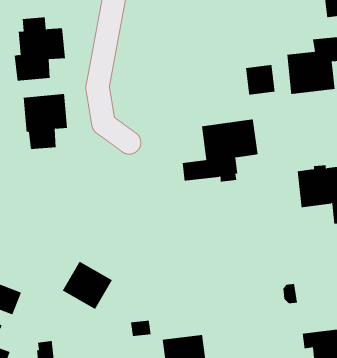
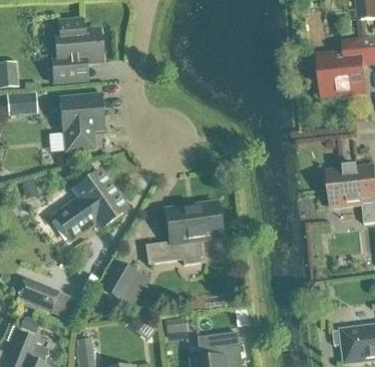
building: [246,64,275,96] -> none
building: [182,119,259,182] -> [145,202,221,264]
building: none -> [52,170,126,240]

